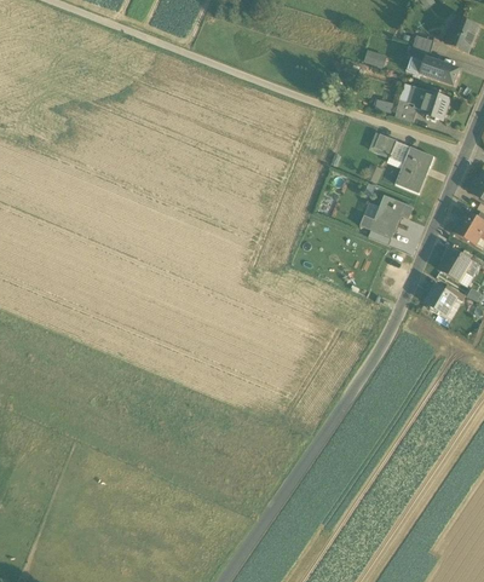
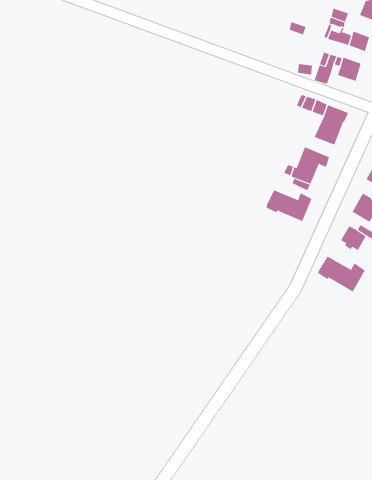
building: none -> [266,189,312,222]
building: none -> [317,256,366,292]

